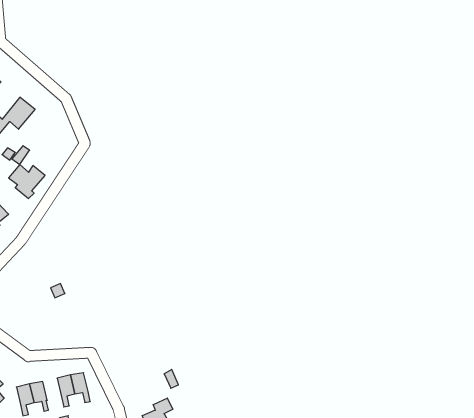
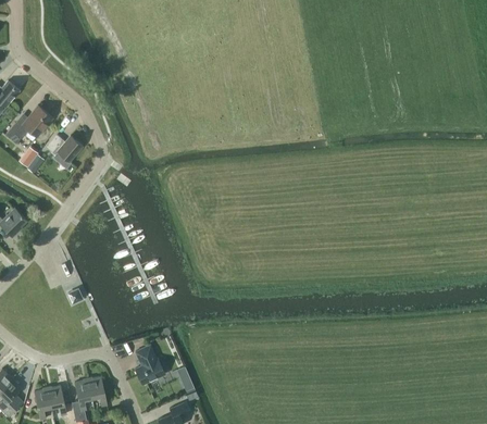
building: [9,165,45,199] -> [46,135,82,169]
building: none -> [134,345,164,385]

